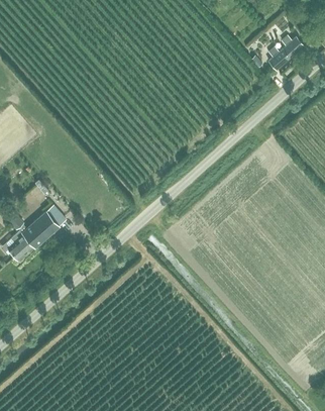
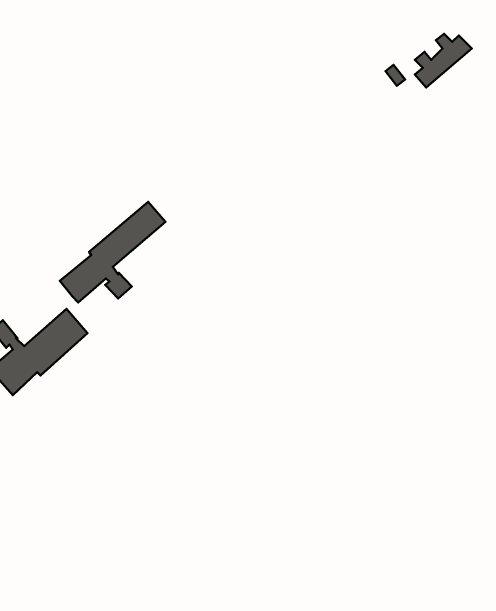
building: none -> [60,202,165,302]

